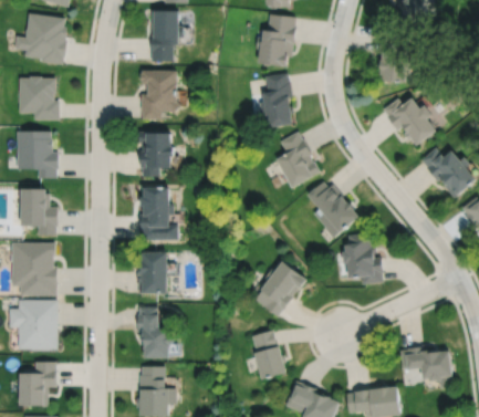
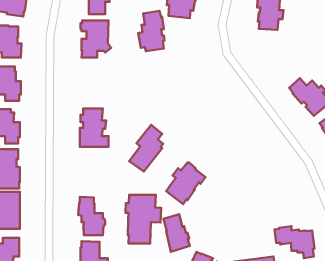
building: [258,72,293,126] -> [138,11,165,51]
building: [383,96,436,144] -> none
building: [138,131,174,176] -> none
building: [277,131,320,187] -> none
building: [308,180,360,238] -> none
building: none -> [129,125,163,171]
building: [342,233,383,284] -> none
building: [137,252,166,293] -> none
building: none -> [126,195,161,244]

